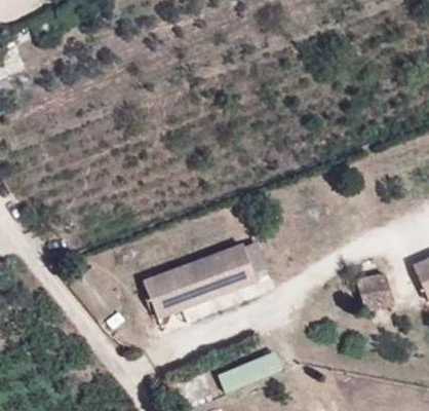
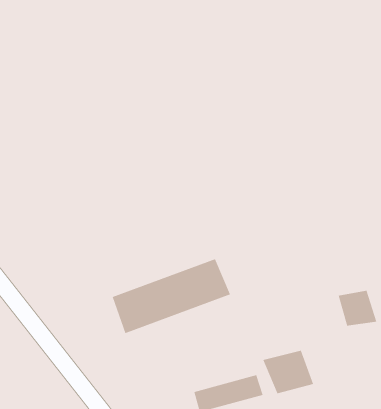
building: none -> [262,350,314,394]

